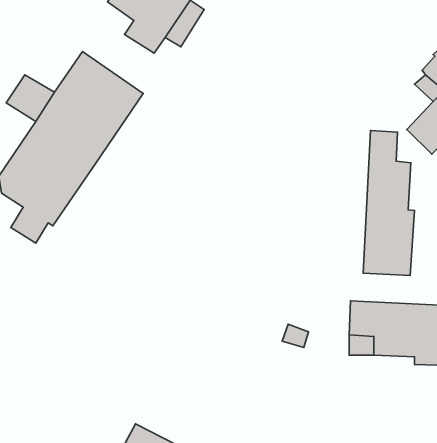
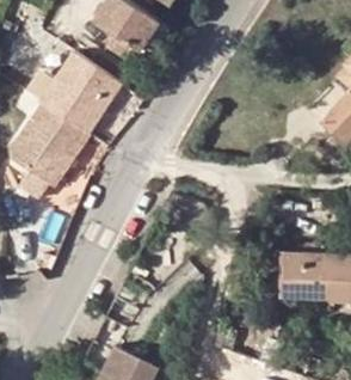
building: [363,131,414,275] -> none

